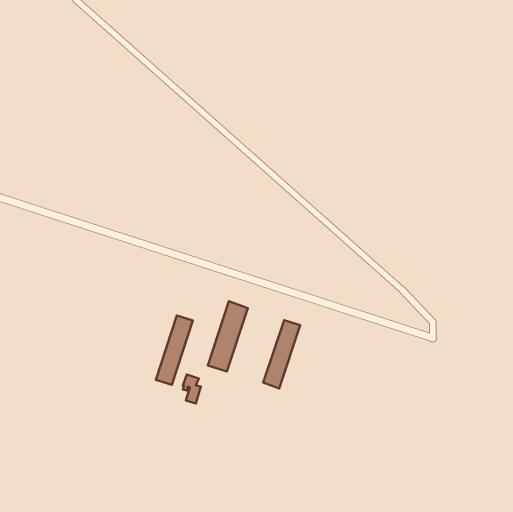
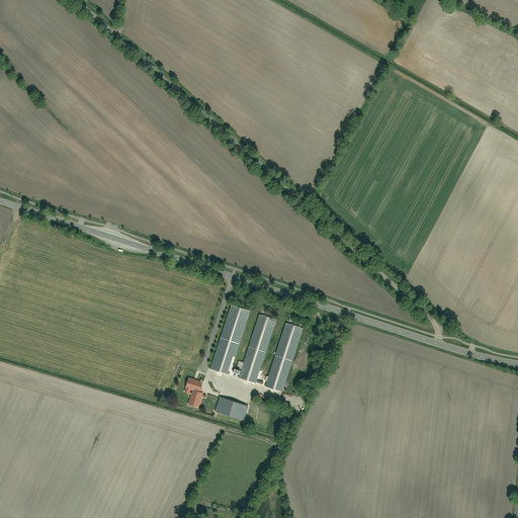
building: [156,316,193,385] -> [239,315,276,384]
building: none -> [214,397,247,421]

